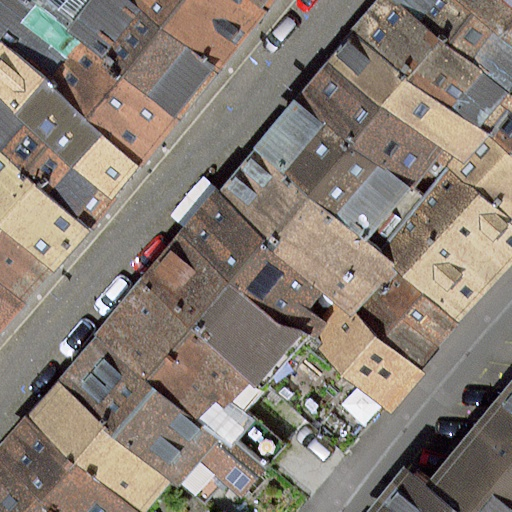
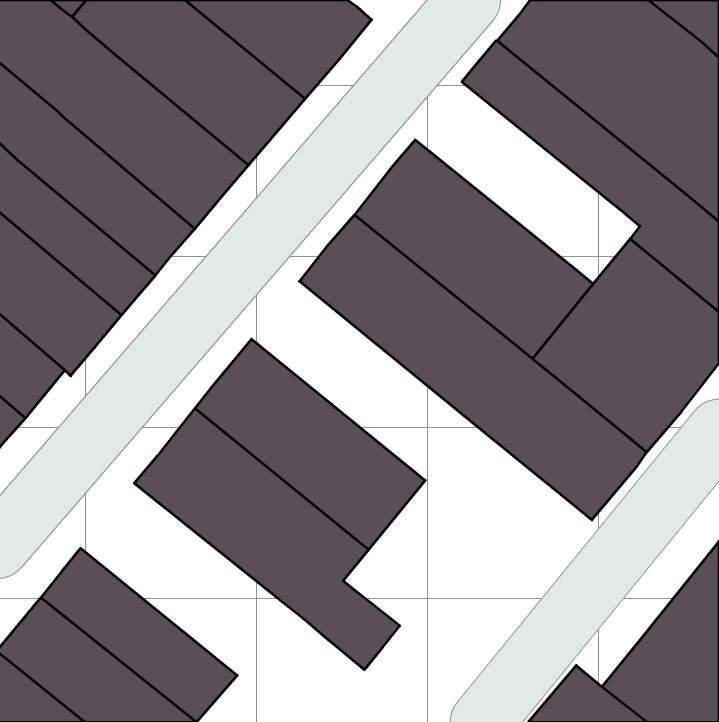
building: [294,58,441,191] -> none
building: [178,199,421,410] -> none
building: [57,342,258,494] -> none

